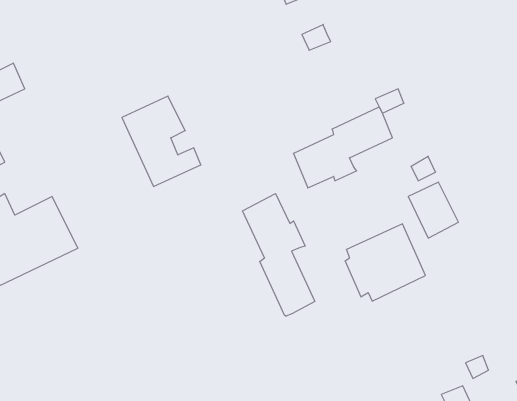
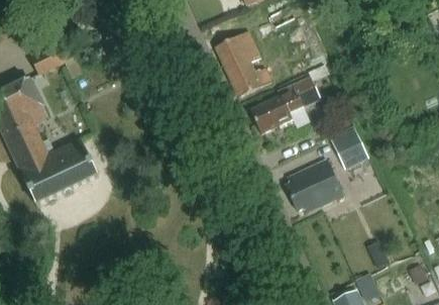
building: [122,96,201,186] -> [216,31,271,95]
building: [243,194,315,316] -> none

